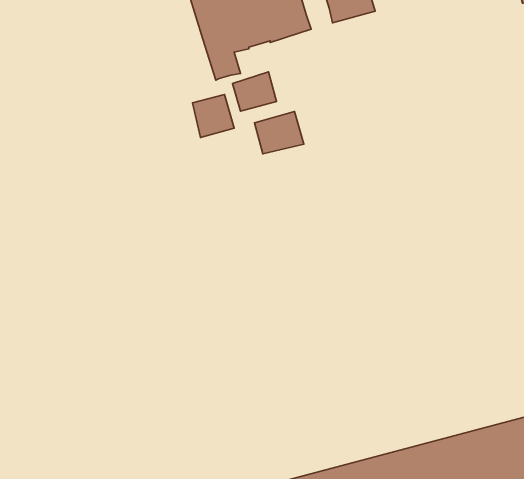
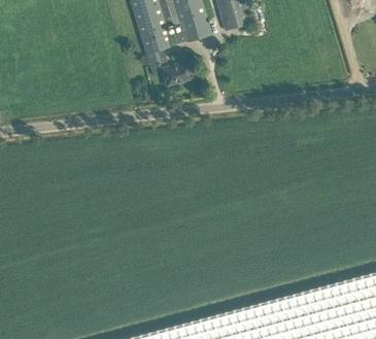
building: [193,95,234,138] -> none
building: [255,112,304,154] -> none

